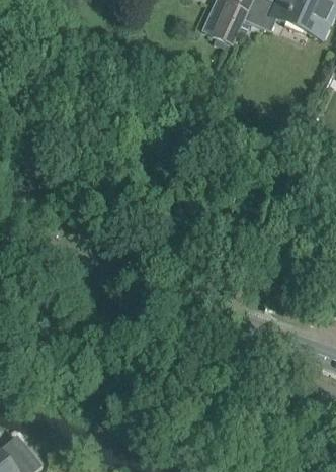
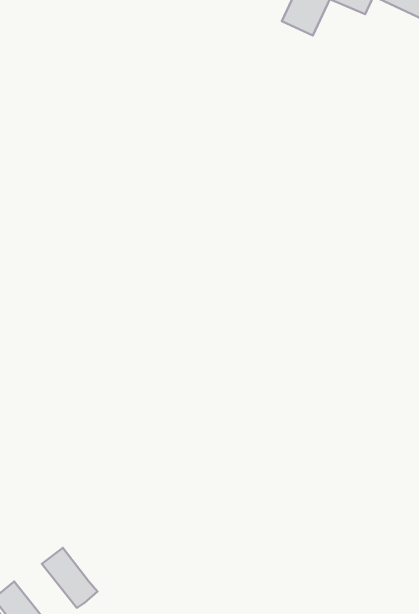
building: none -> [42,548,97,608]

